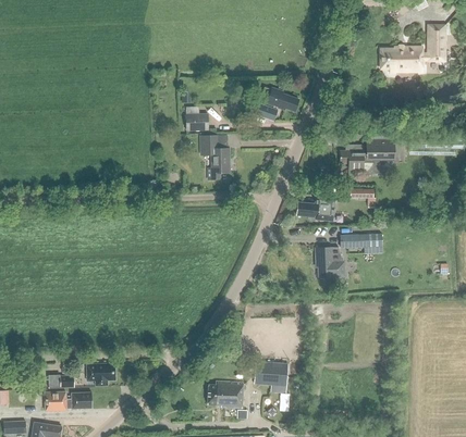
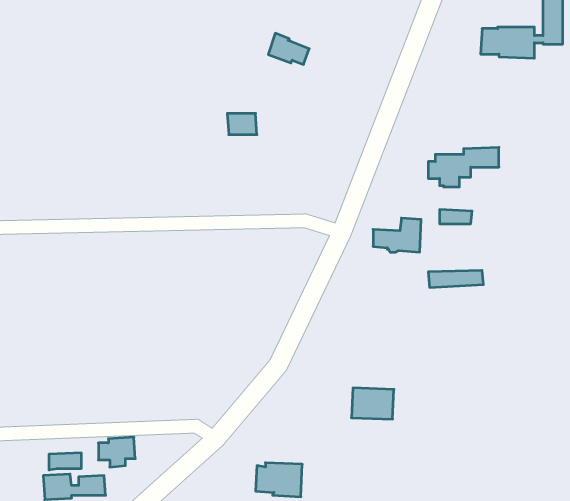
building: [266,88,297,112] -> [268,33,309,64]
building: [199,135,230,179] -> none
building: [314,248,344,277] -> none
building: [255,362,287,386] -> [351,388,394,419]

